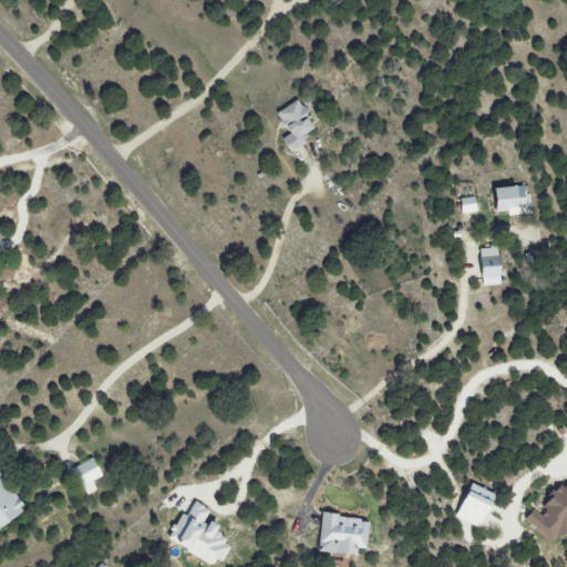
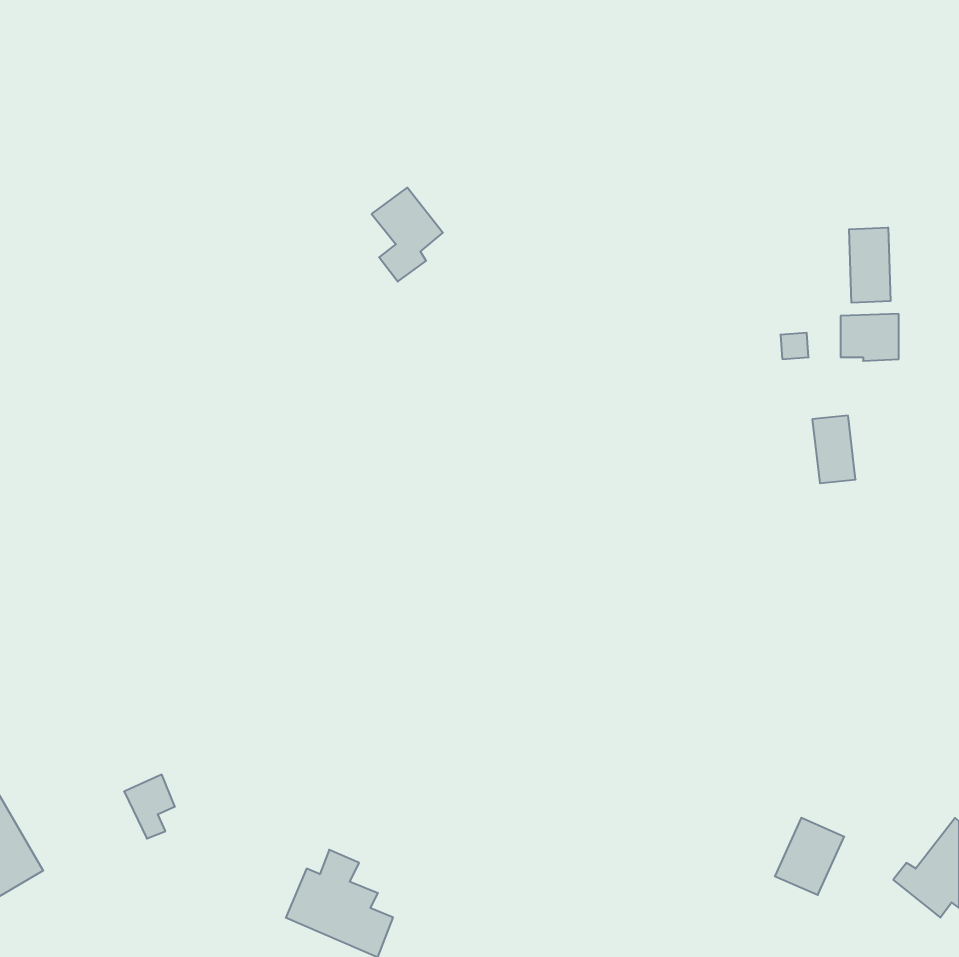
building: [276,97,318,153] -> [372,188,443,282]
building: none -> [849,227,890,303]
building: [319,513,370,554] -> none

